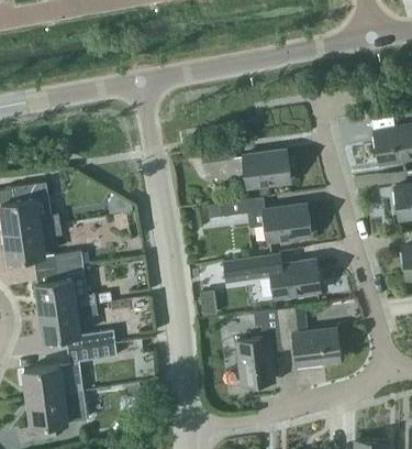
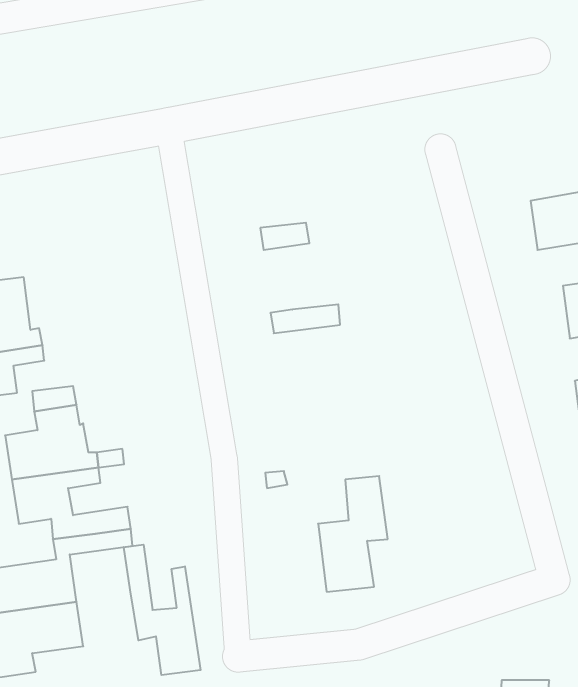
building: [243,151,290,188] -> none
building: [263,205,310,242] -> none
building: [220,253,319,298] -> none
building: [277,308,339,365] -> none
building: none -> [124,545,201,675]

